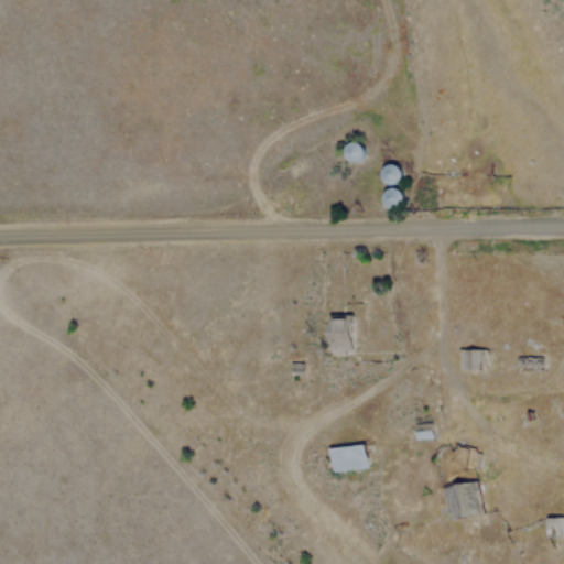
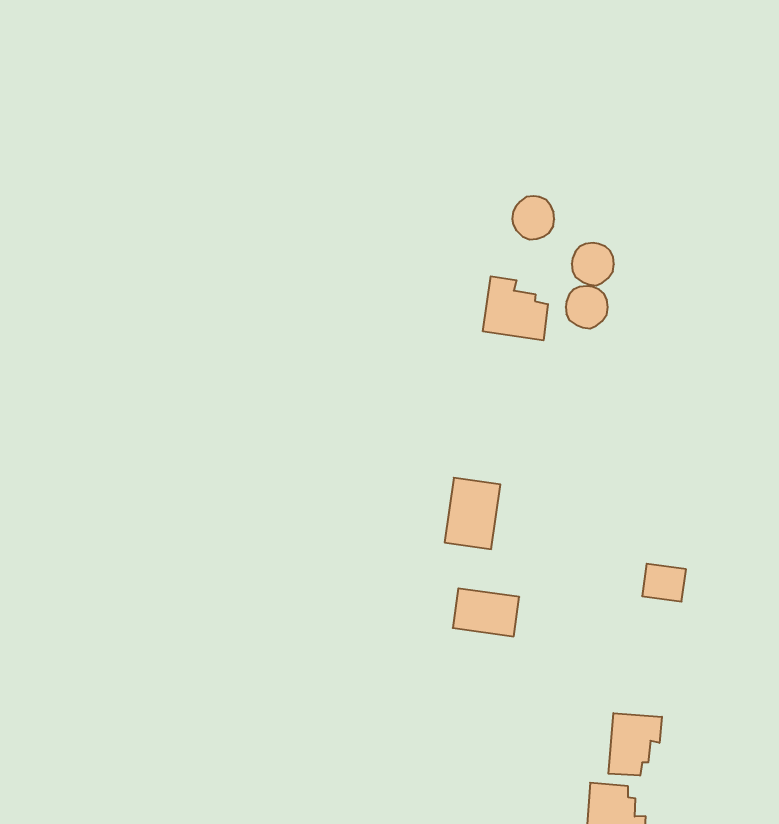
building: none -> [483,276,548,340]
building: none -> [608,713,662,776]
building: [332,446,369,470] -> [453,588,519,636]

